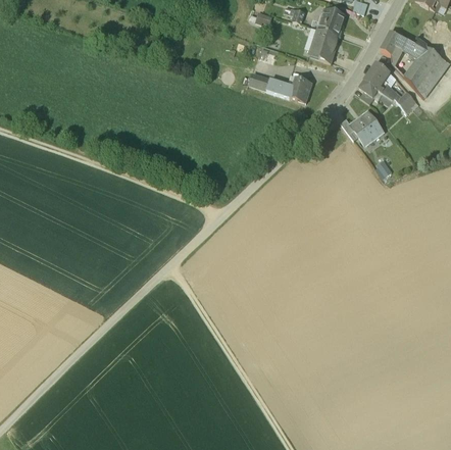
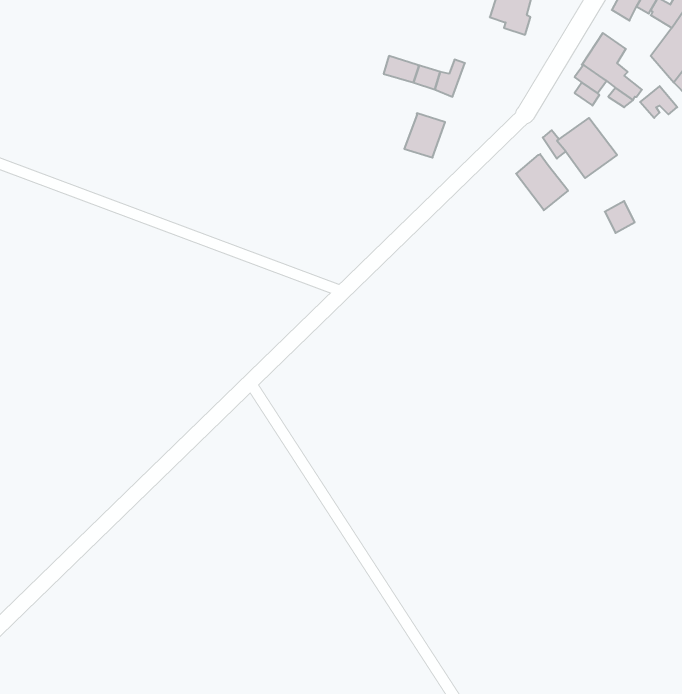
building: [289,78,312,103] -> [404,113,445,158]
building: none -> [516,154,568,210]

